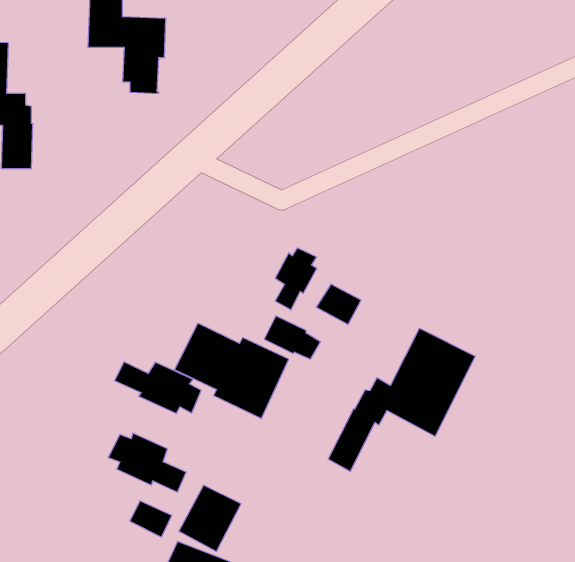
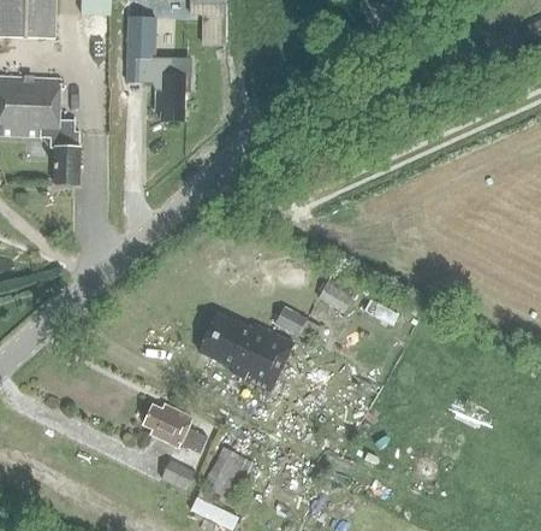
building: [275,248,317,310] -> none
building: [328,328,475,472] -> none
building: [115,362,201,414] -> none

